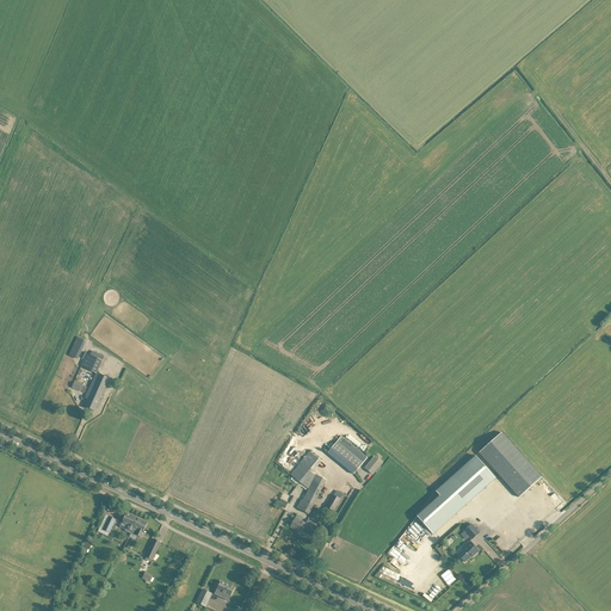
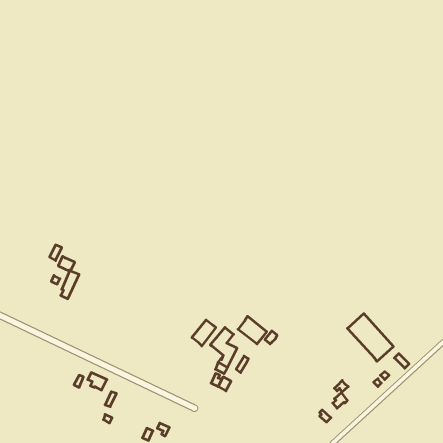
building: none -> [192,320,216,346]
building: [416,455,494,533] -> none

